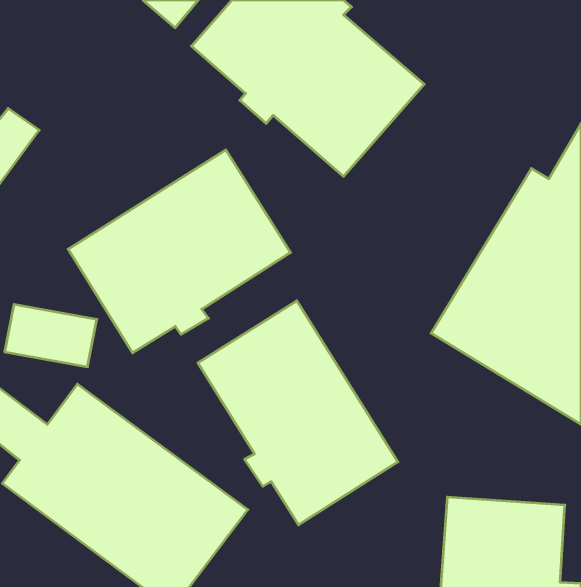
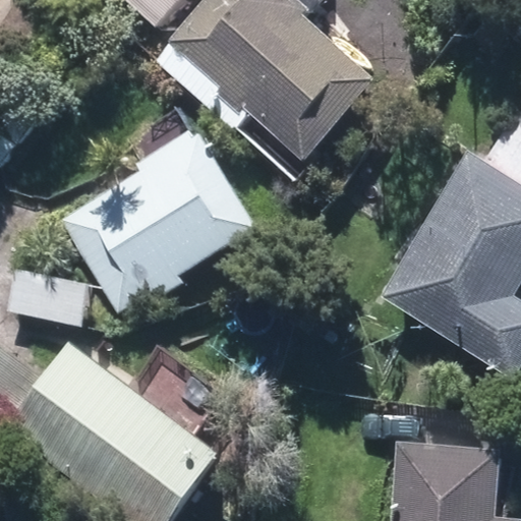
building: [198,301,398,525] -> none

